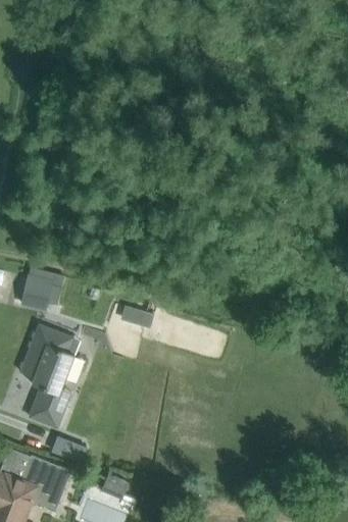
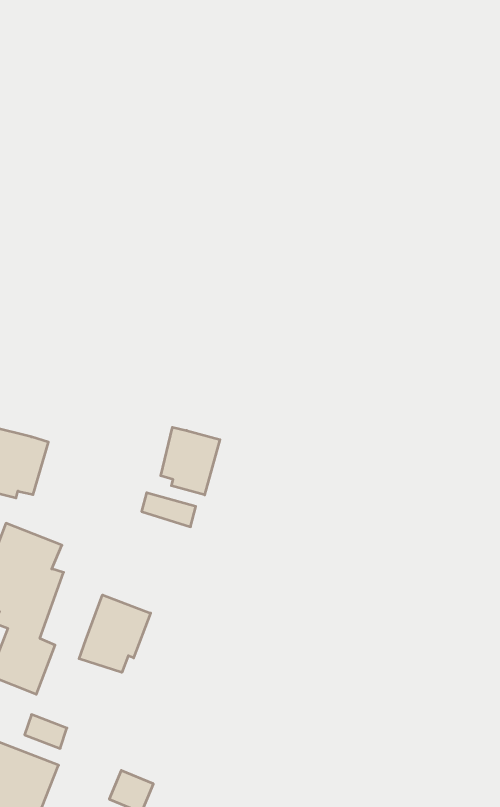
building: none -> [161,427,220,495]
building: none -> [79,595,151,672]

